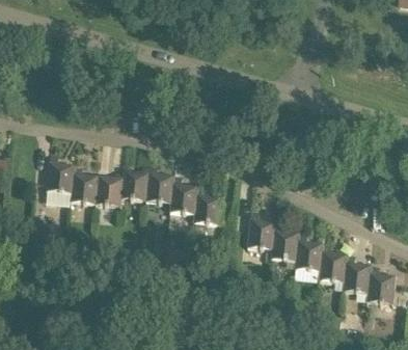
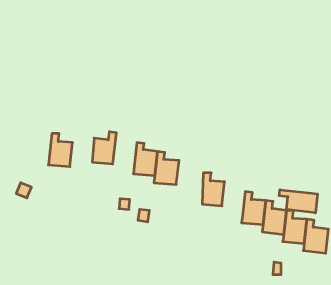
building: [47,153,75,192] -> none
building: [145,163,173,203] -> none
building: [96,168,124,206] -> none
building: [271,220,299,260] -> none
building: none -> [279,190,317,213]

